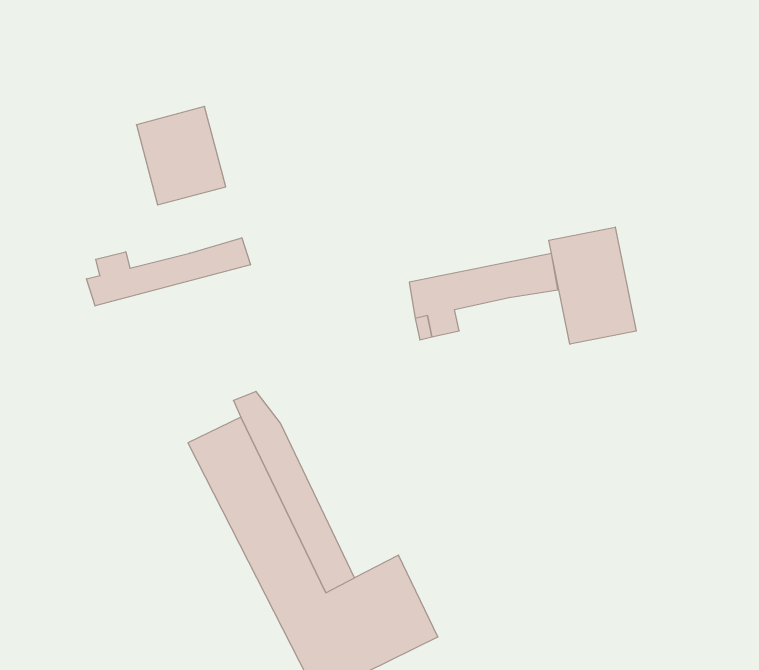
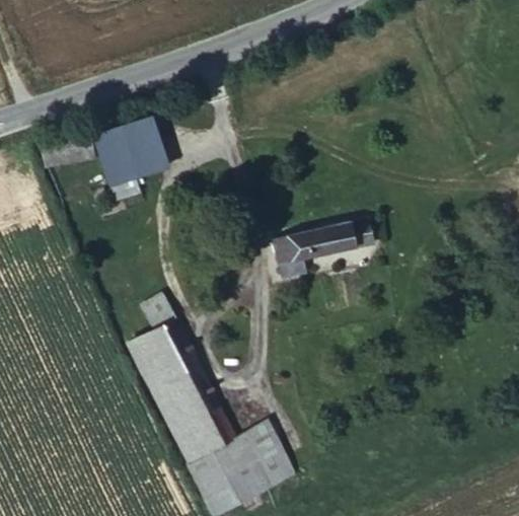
building: [549,227,636,344] -> none
building: [86,238,250,306] -> none

